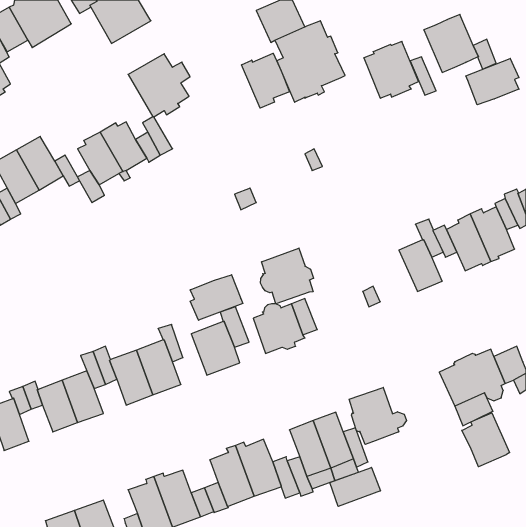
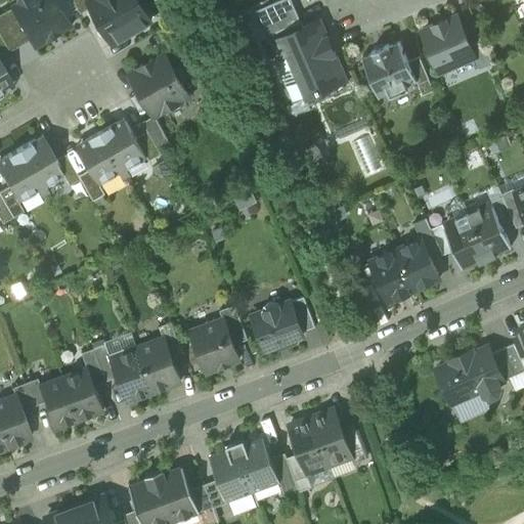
building: [242,53,290,108] -> none
building: [466,58,519,105] -> none
building: [260,248,314,304] -> none
building: none -> [368,249,413,302]
building: [190,275,243,320] -> none
building: [349,387,406,444] -> none
building: [462,413,510,467] -> none
building: [330,467,380,506] -> none

